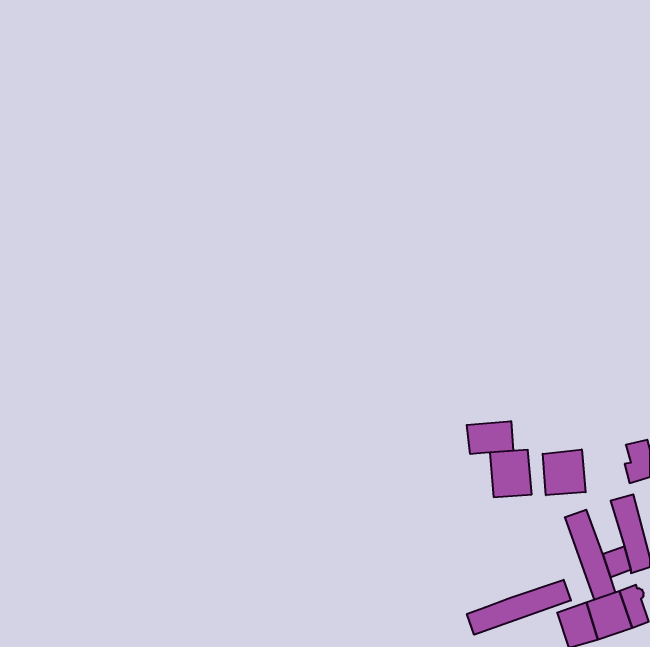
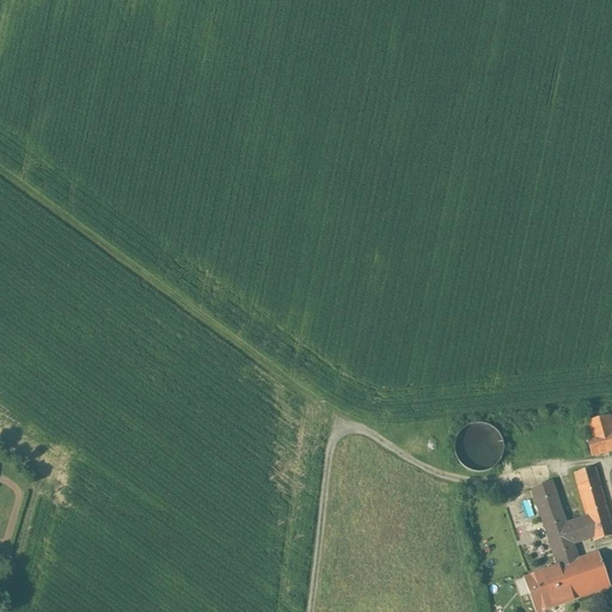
building: [467,421,513,454] -> none
building: [543,449,586,495] -> none
building: [467,580,571,635] -> none

